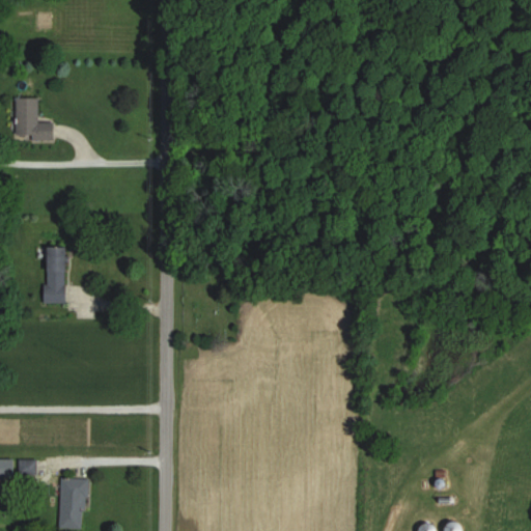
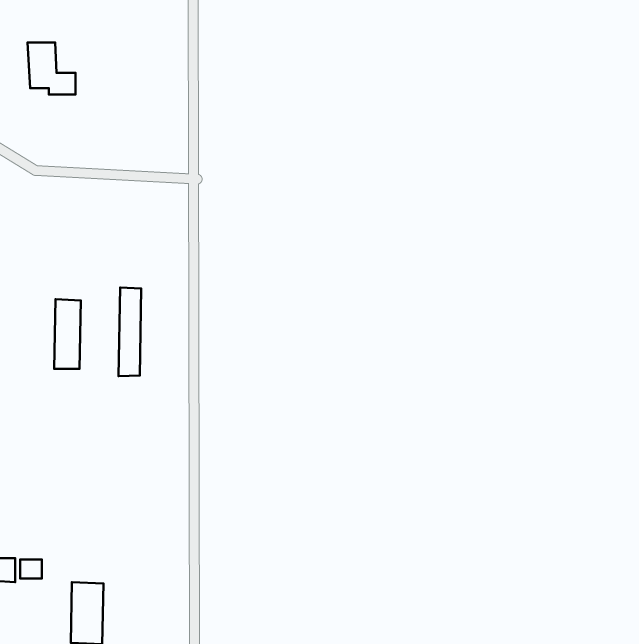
building: [13,99,53,141] -> [28,43,76,94]
building: none -> [119,288,141,376]

